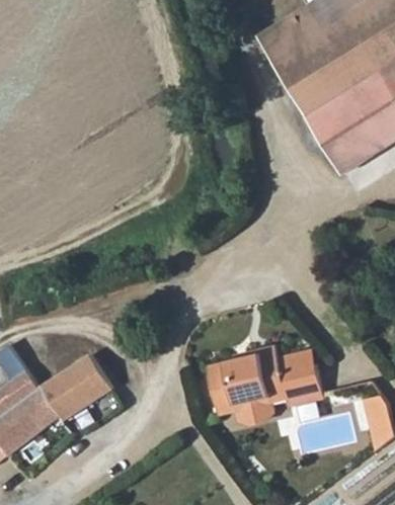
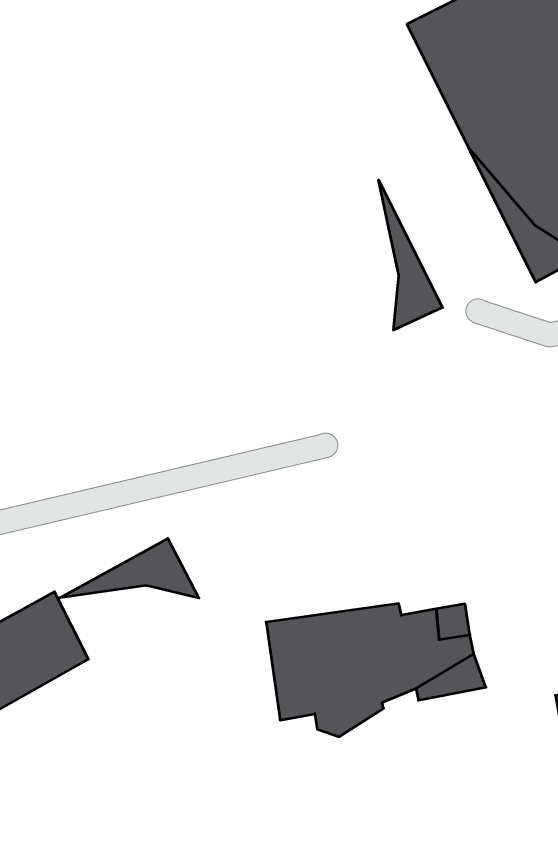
building: none -> [379,180,443,330]
building: none -> [60,538,199,598]

